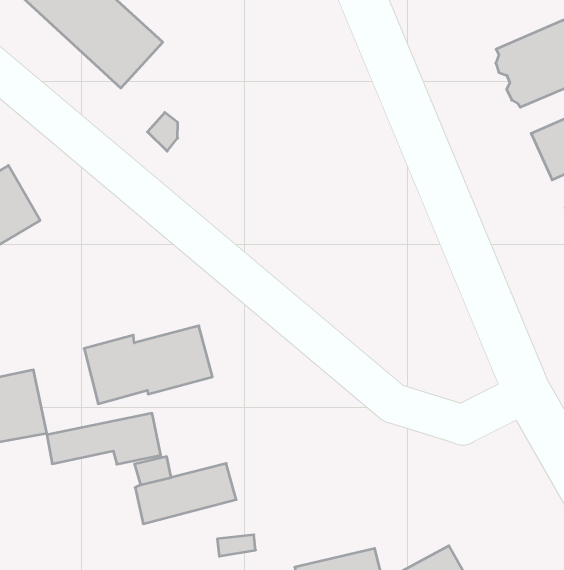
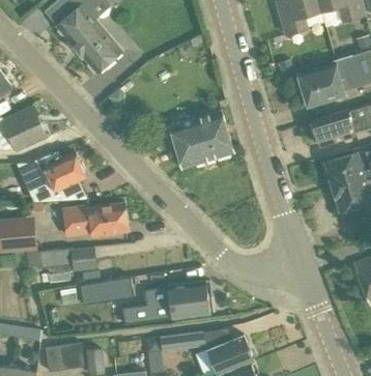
building: none -> [169,110,233,168]
building: none -> [28,152,85,192]
building: none -> [144,283,208,318]

